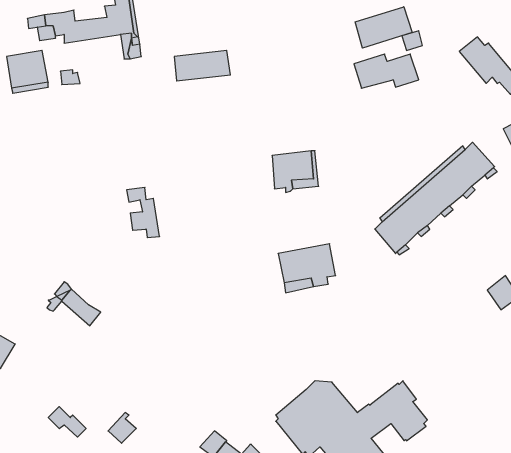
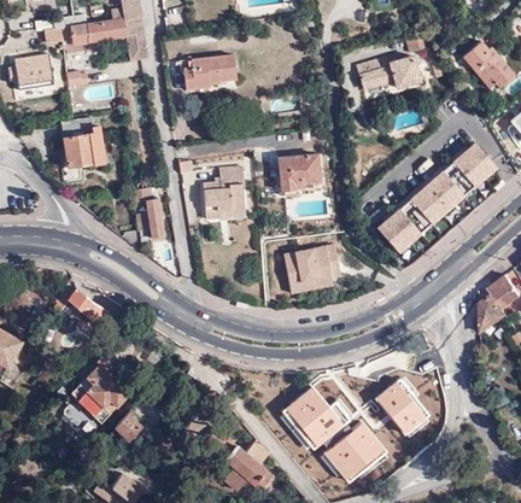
building: [355,7,412,48] -> none
building: none -> [62,124,106,168]
building: none -> [199,165,241,220]
building: none -> [480,289,505,333]
building: none -> [72,363,134,423]

